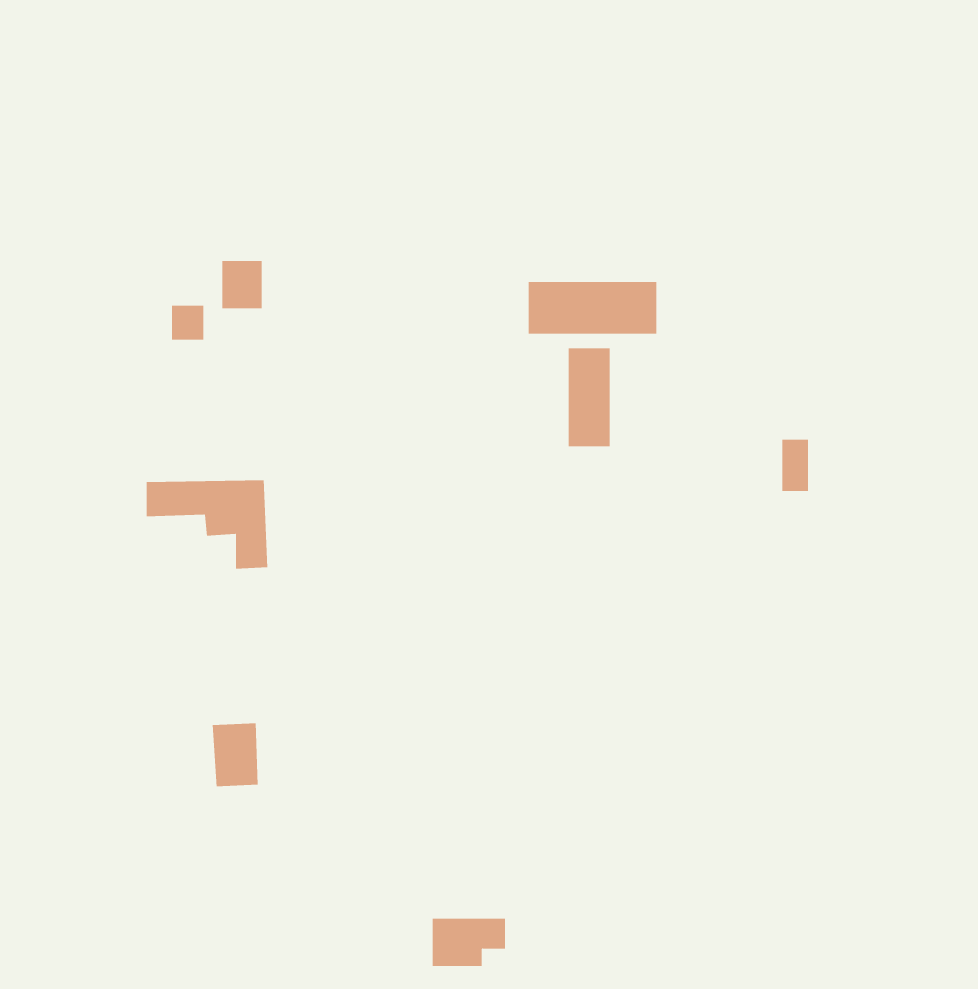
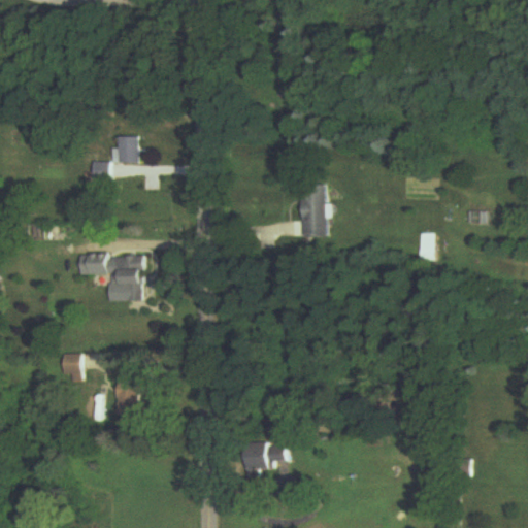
building: [528,281,657,335] -> none
building: none -> [60,354,77,381]
building: [432,918,506,967] -> [242,444,282,470]

